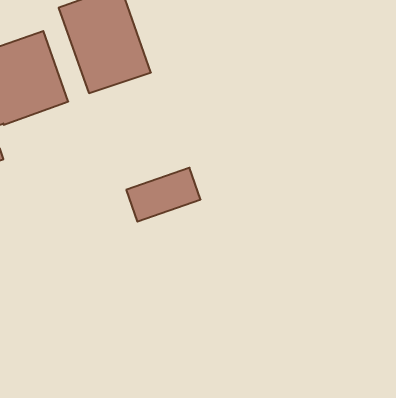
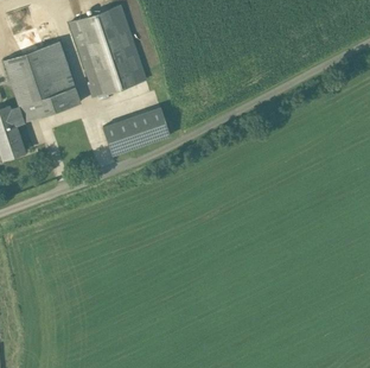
building: [126,168,201,222] -> [104,108,168,154]

